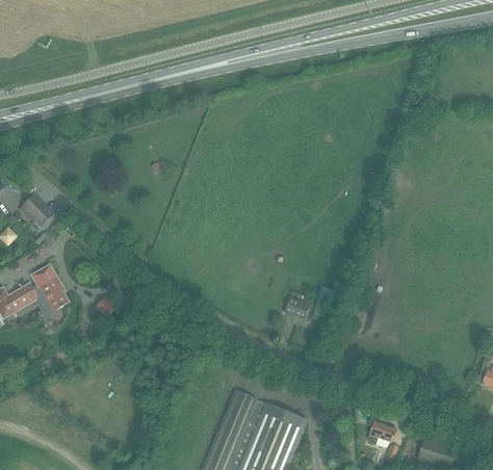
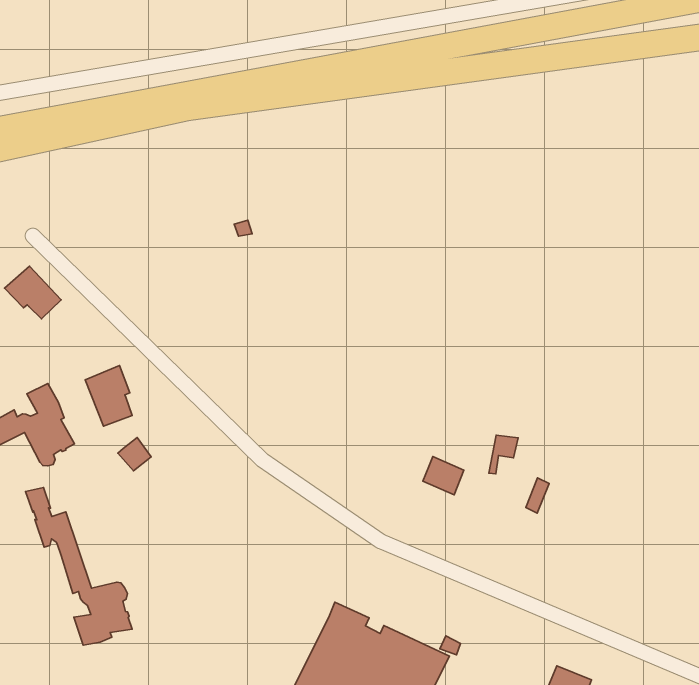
building: none -> [85,365,132,426]
building: none -> [26,487,132,645]

